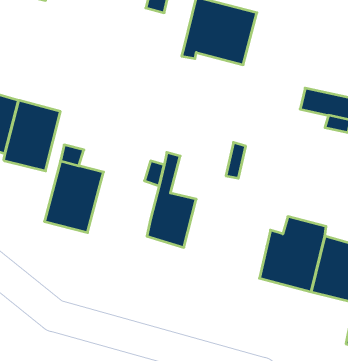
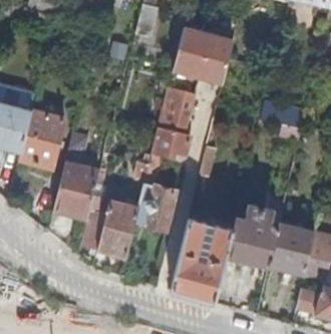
building: none -> [151,87,195,161]
building: none -> [81,184,138,257]
building: none -> [170,218,233,303]

